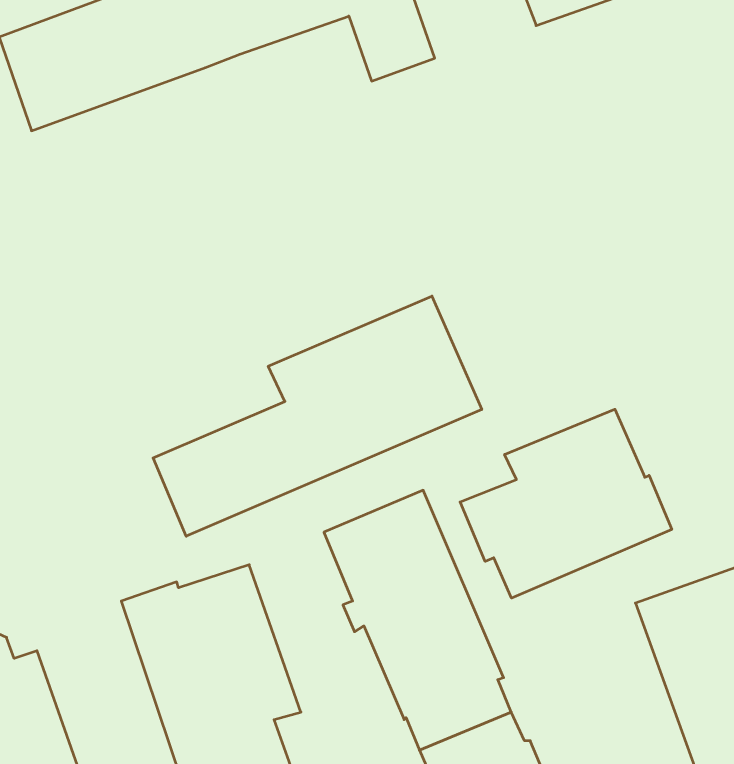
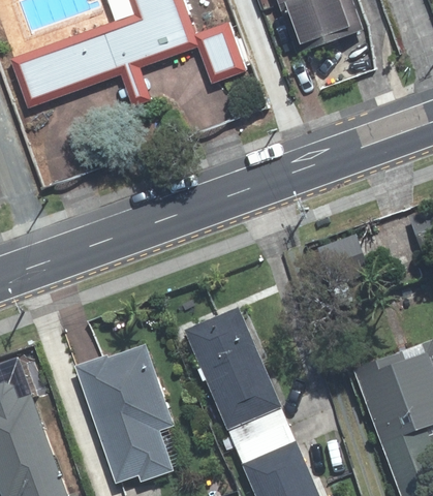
building: [153,296,482,536] -> none
building: [460,409,672,598] -> none

